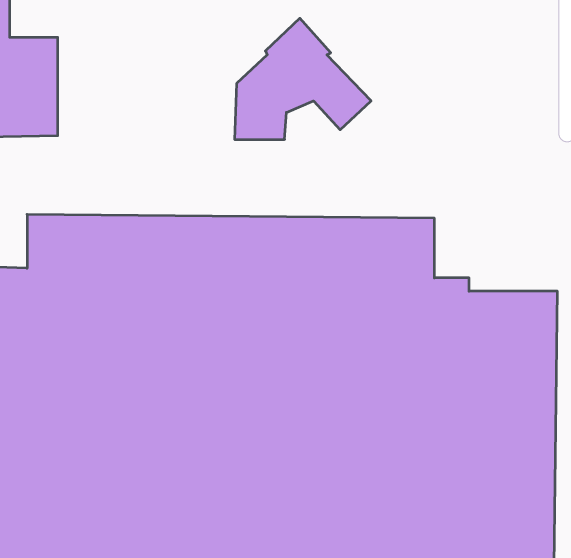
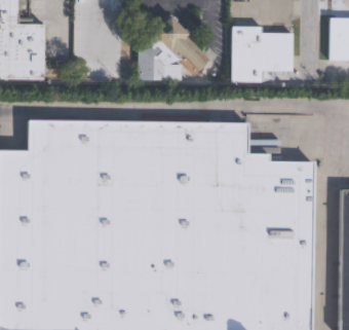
building: none -> [231,20,292,81]

